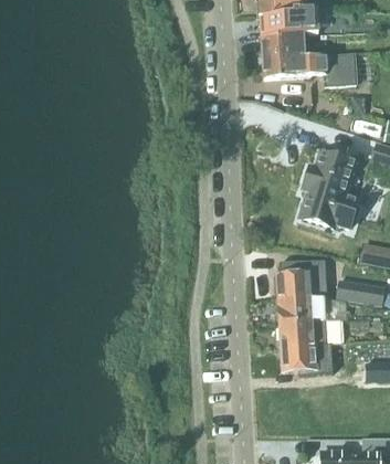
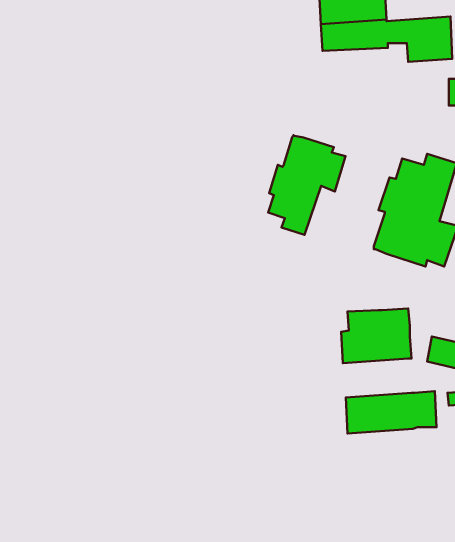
building: none -> [268,135,345,235]
building: [277,294,328,321] -> none
building: [281,344,328,369] -> none

